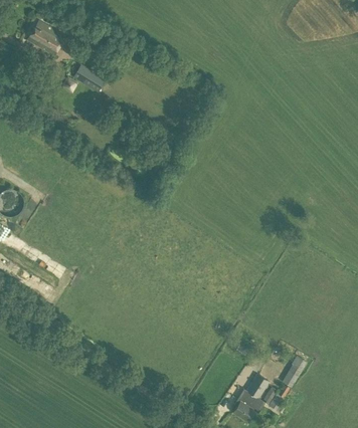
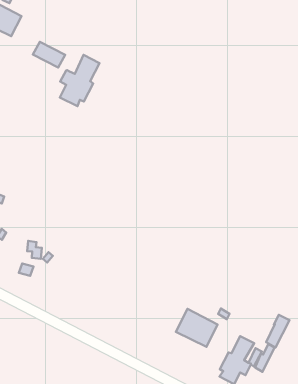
building: none -> [60,55,100,106]
building: none -> [176,309,217,347]

